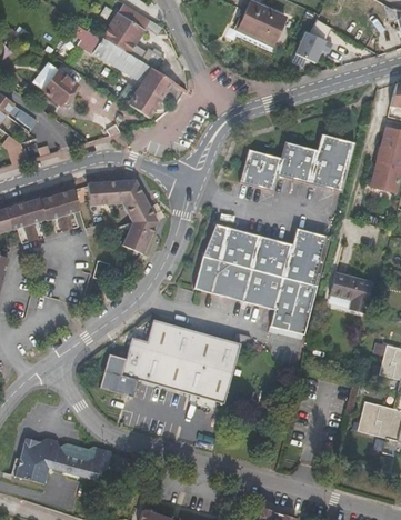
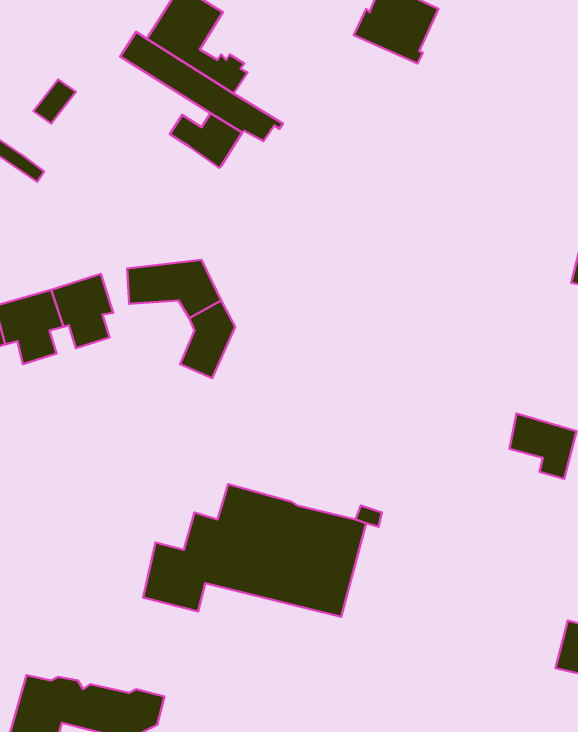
building: [293,33,331,64] -> none
building: [42,70,77,104] -> none
building: [238,128,353,192] -> none
building: [192,223,328,333] -> none

